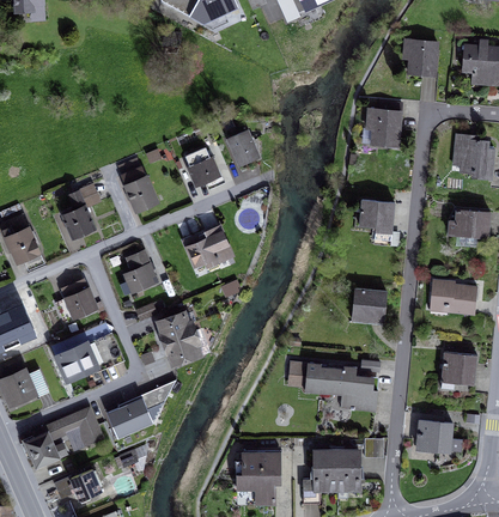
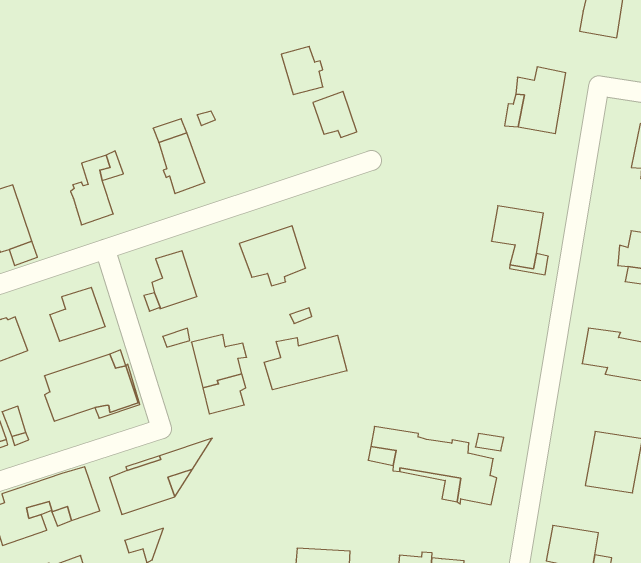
building: [187,148,218,183] -> [281,46,323,95]
building: [353,288,387,320] -> none
building: none -> [264,335,347,390]

